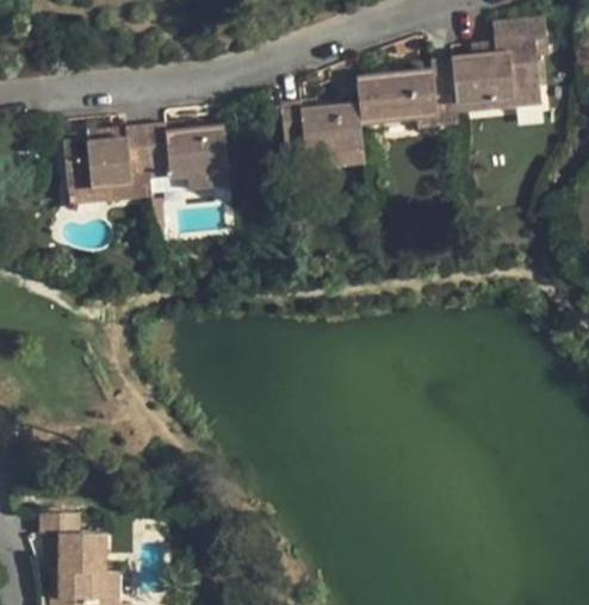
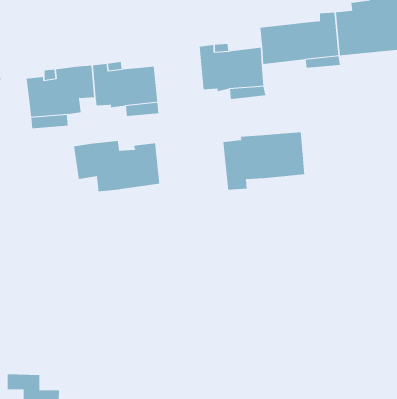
building: none -> [223,132,305,190]
building: none -> [74,140,160,192]

